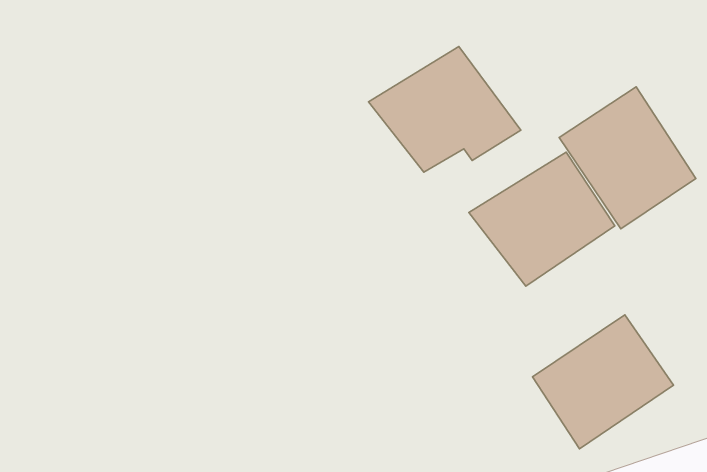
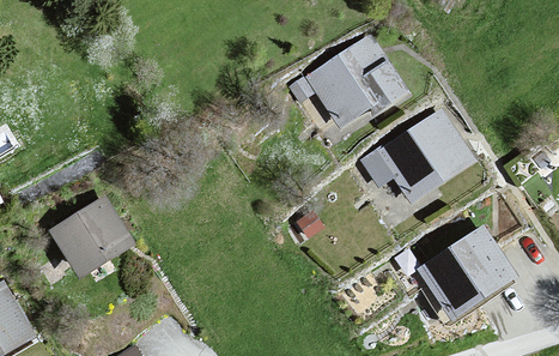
building: [559,87,696,229] -> none
building: none -> [45,193,139,278]

